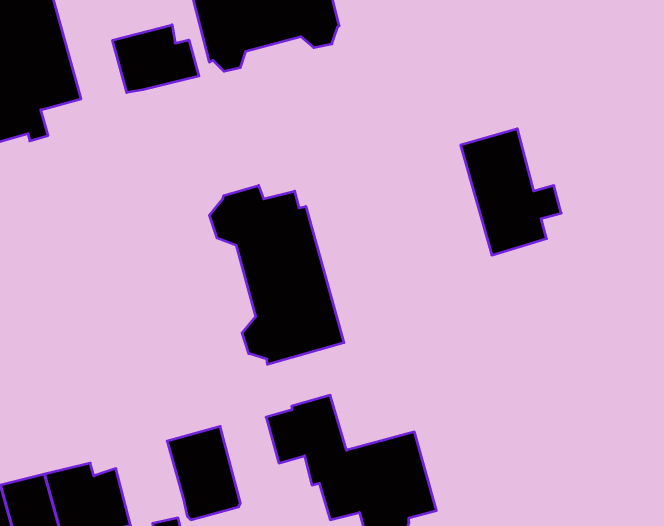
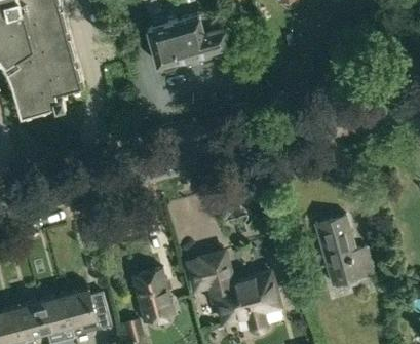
building: [113,25,199,93] -> none
building: [461,129,561,255] -> [314,217,371,288]
building: [209,185,344,364] -> none

